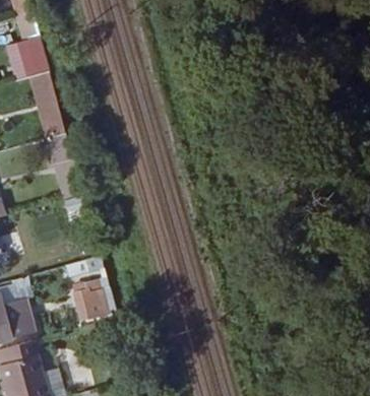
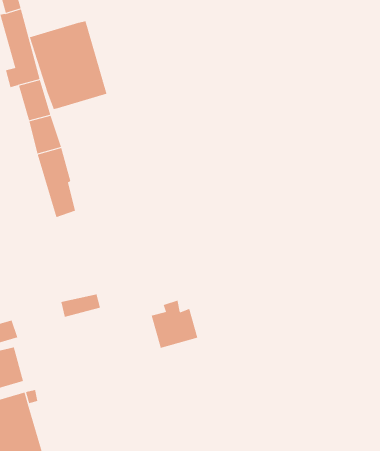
building: none -> [29,21,107,110]
building: [76,279,117,321] -> [151,300,198,348]

